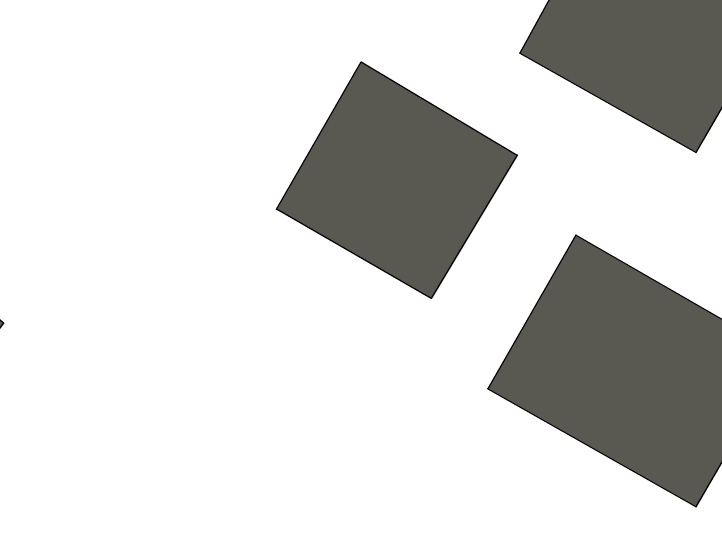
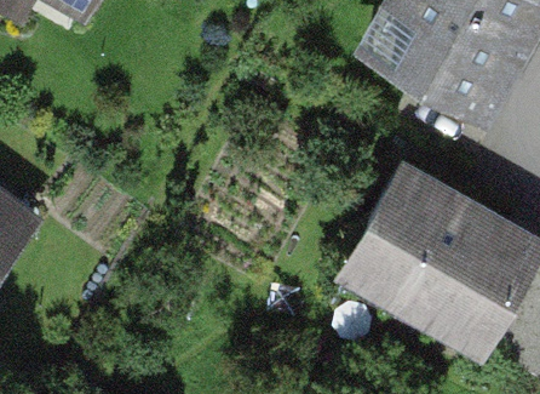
building: [276,62,517,298] -> none

